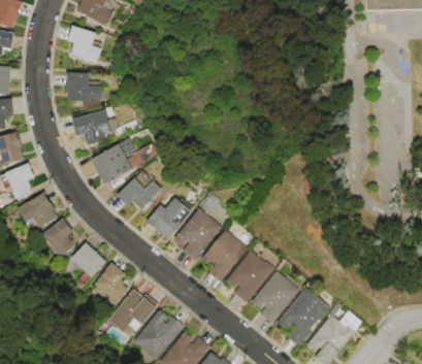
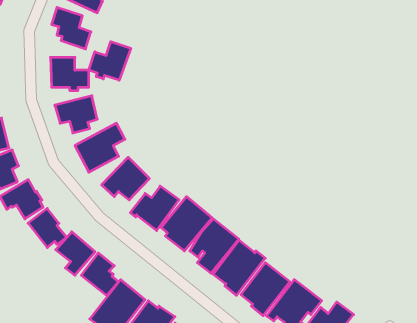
building: none -> [89,42,131,80]

